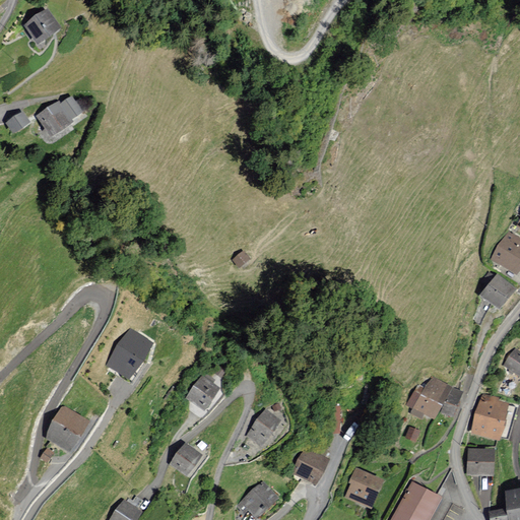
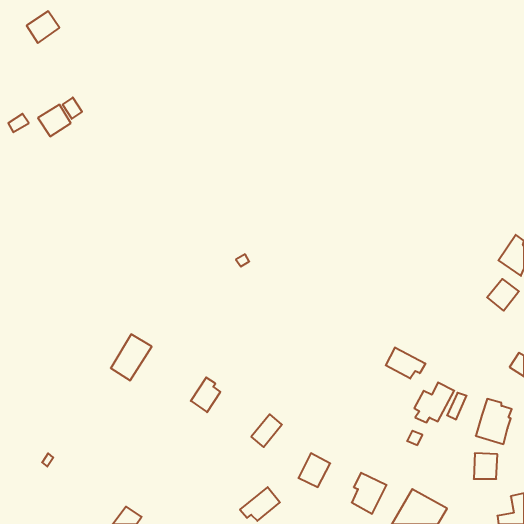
building: none -> [386,347,425,379]
building: [49,409,85,449] -> none
building: [172,445,199,473] -> none

